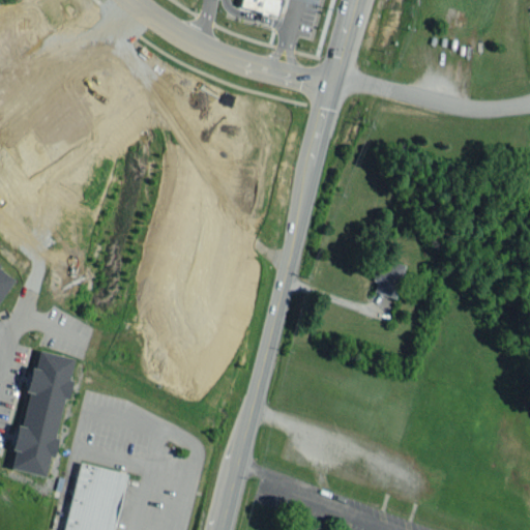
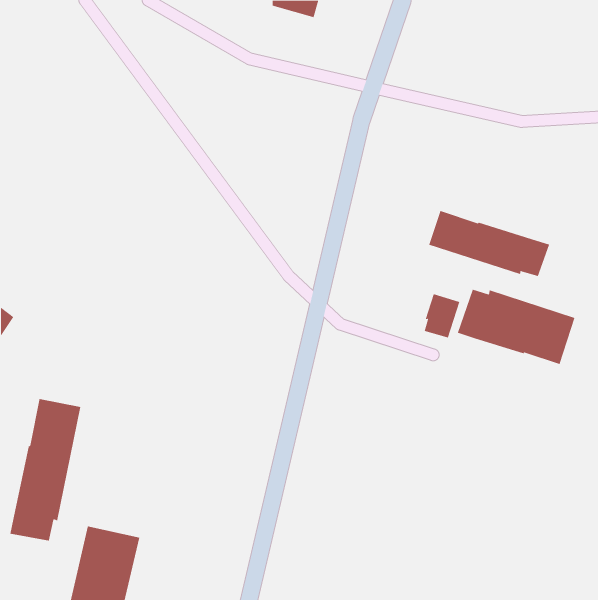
building: none -> [429,210,550,277]
building: none -> [457,289,575,365]

